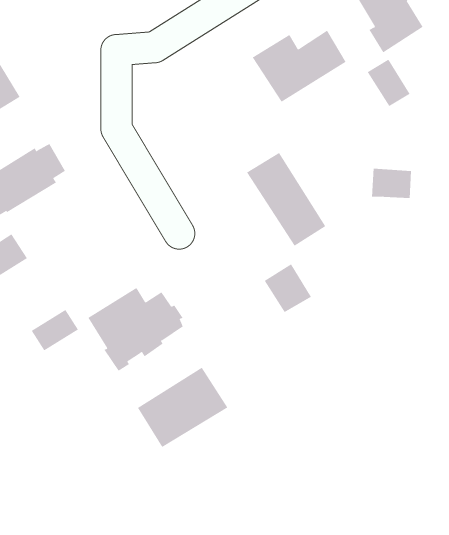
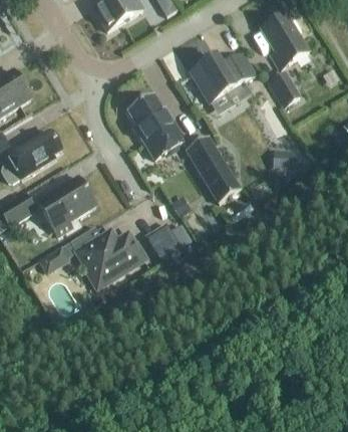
building: none -> [127,92,186,158]
building: none -> [36,175,95,234]
building: [264,263,312,313] -> [145,223,179,257]
building: [137,367,228,448] -> none

